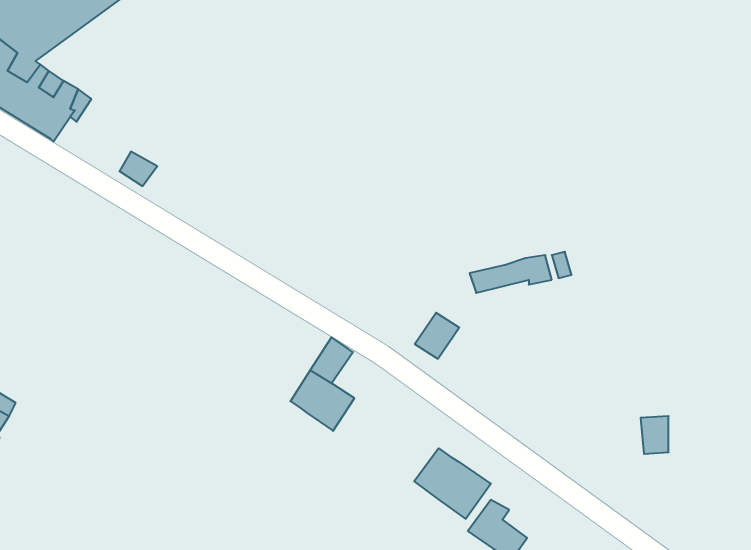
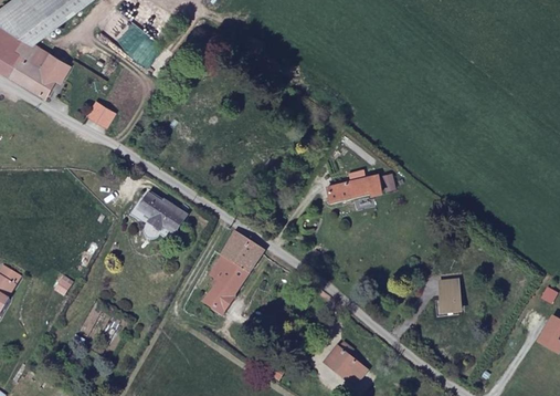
building: none -> [129,189,187,242]
building: [415,313,459,359] -> [232,240,262,271]
building: none -> [203,281,233,313]
building: [414,448,491,519] -> none

